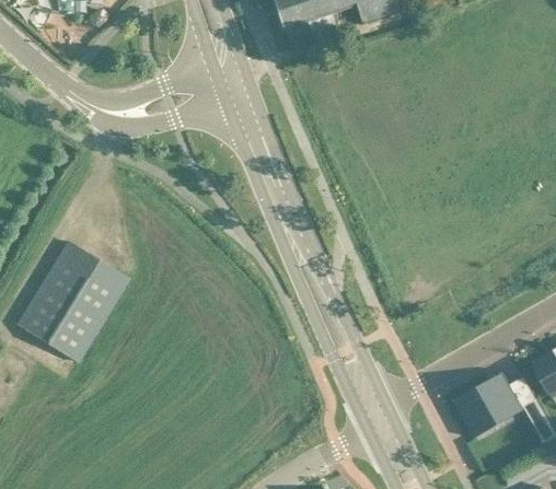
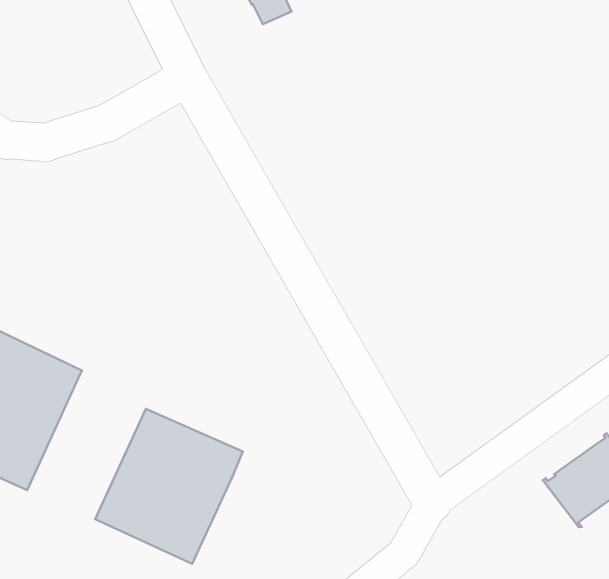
building: none -> [95,409,243,564]

